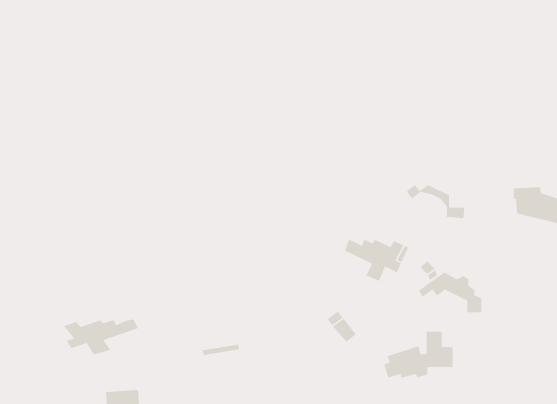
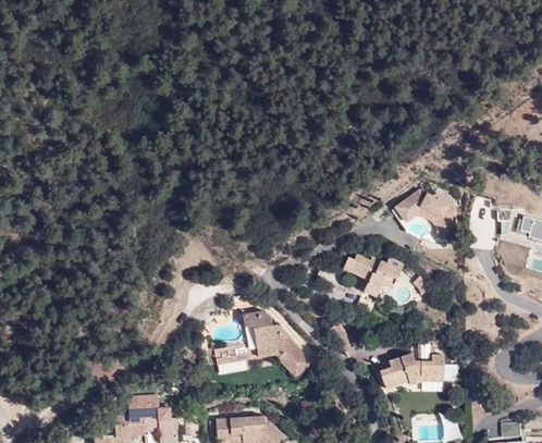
building: [418,271,482,313] -> [397,189,456,227]
building: none -> [243,310,310,377]
building: [63,319,139,356] -> none

